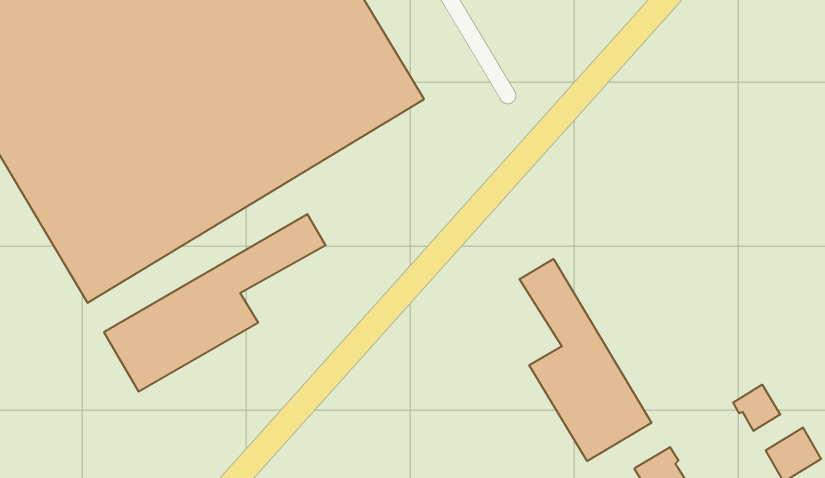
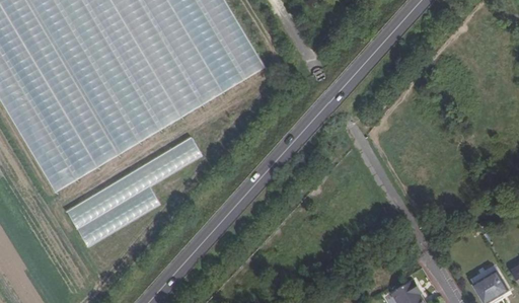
building: [520,259,652,461] -> none
building: [733,385,780,431] -> none

